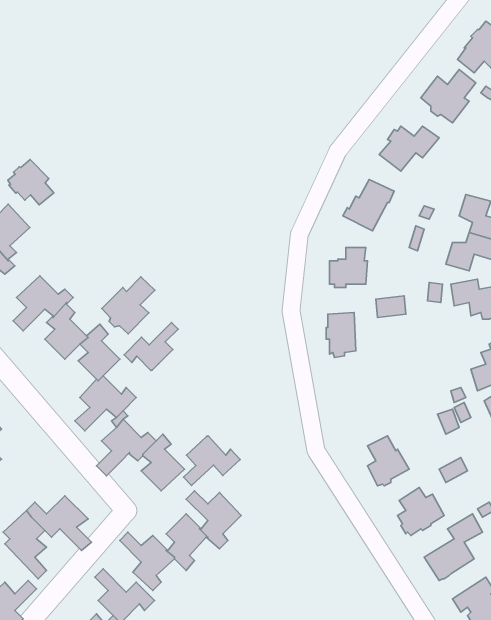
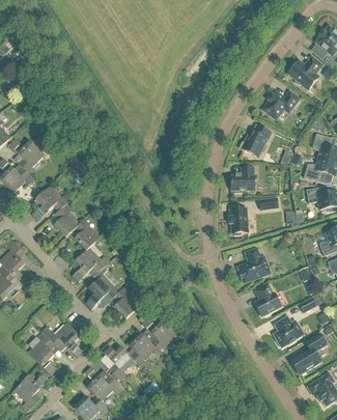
building: [8,159,54,205] -> none
building: [102,277,155,334] -> none
building: [124,323,178,370] -> none
building: none -> [236,248,270,283]
building: [183,436,240,486] -> none

